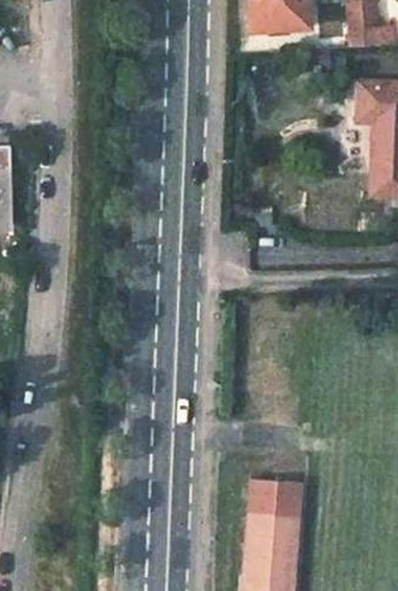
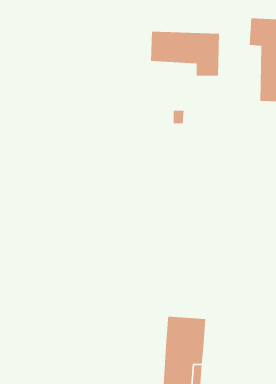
building: none -> [150,31,220,77]

